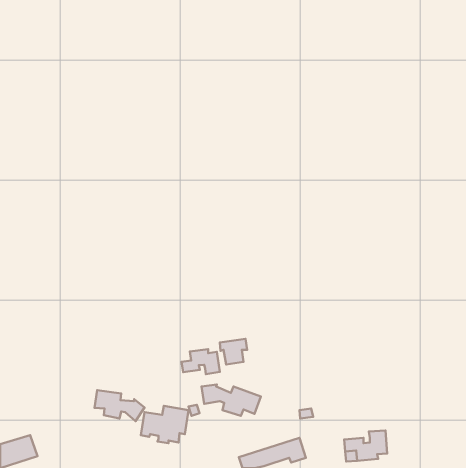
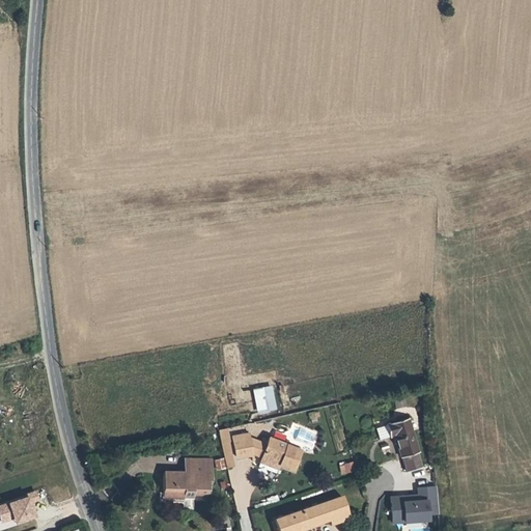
building: [182,349,220,374] -> none
building: none -> [387,419,422,474]
building: [94,390,145,421] -> none

